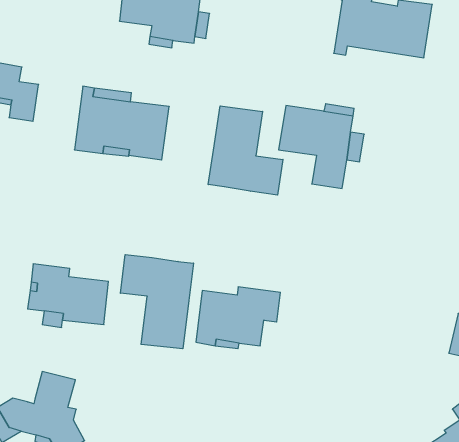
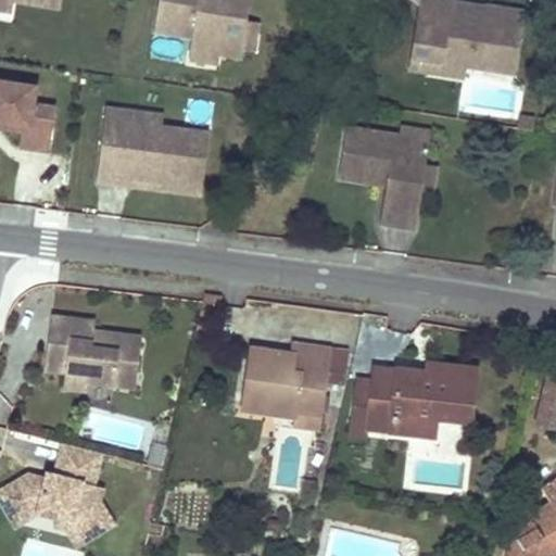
building: [208,106,283,195] -> none
building: [120,255,193,349] -> none
building: none -> [350,364,476,438]

